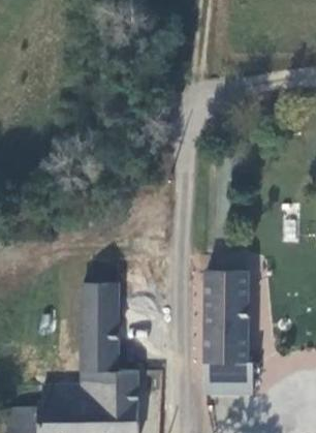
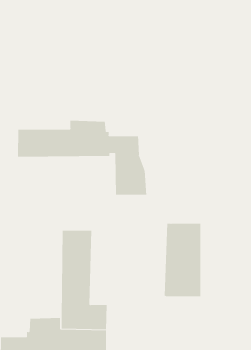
building: none -> [17,120,147,196]
building: [206,362,267,395] -> none

